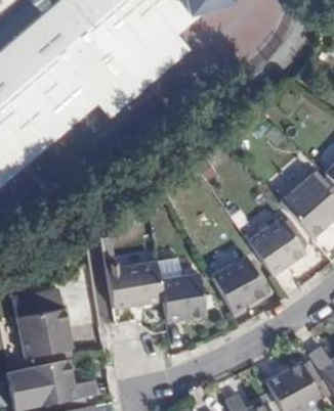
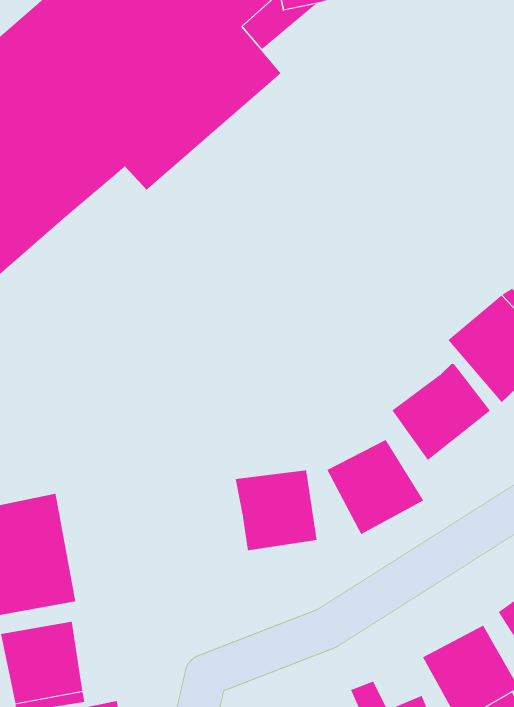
building: [106,257,164,308] -> none

